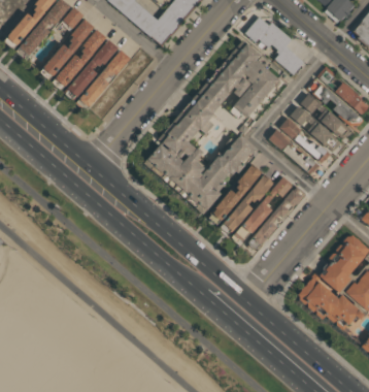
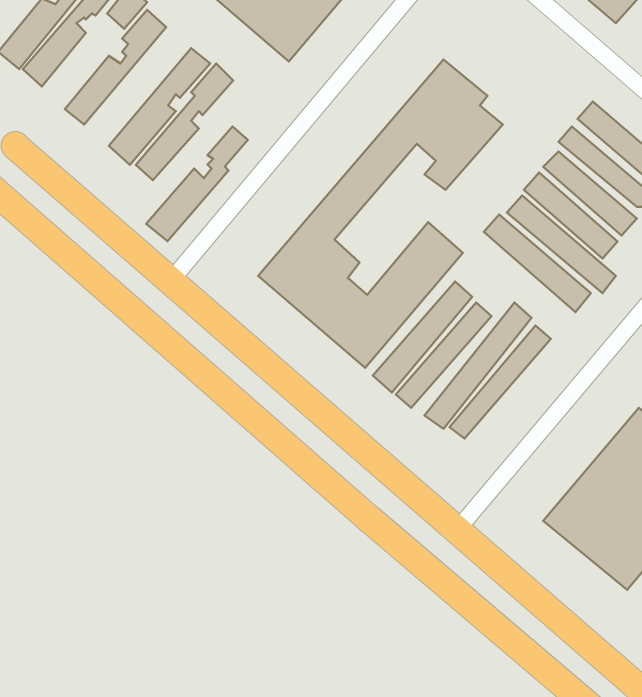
building: [244,17,303,73] -> none
building: [52,29,106,91] -> [146,126,248,241]

